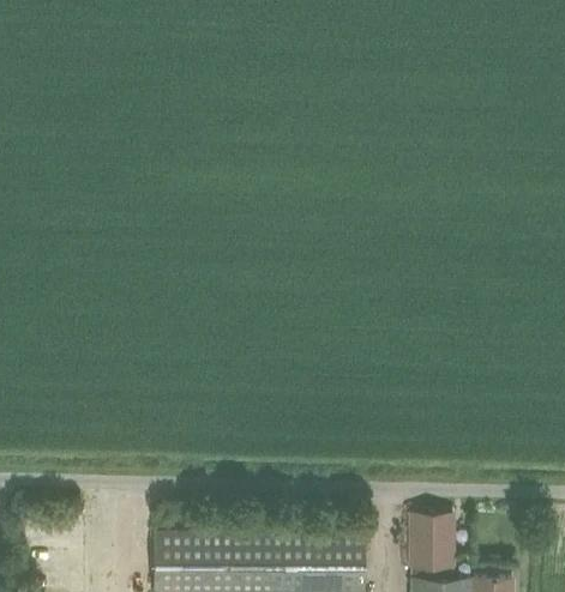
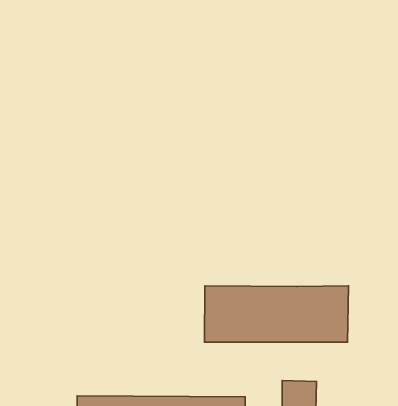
building: none -> [205,286,349,342]

